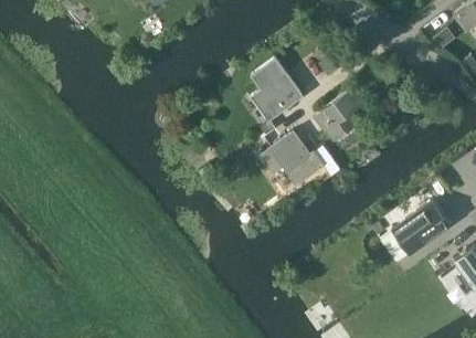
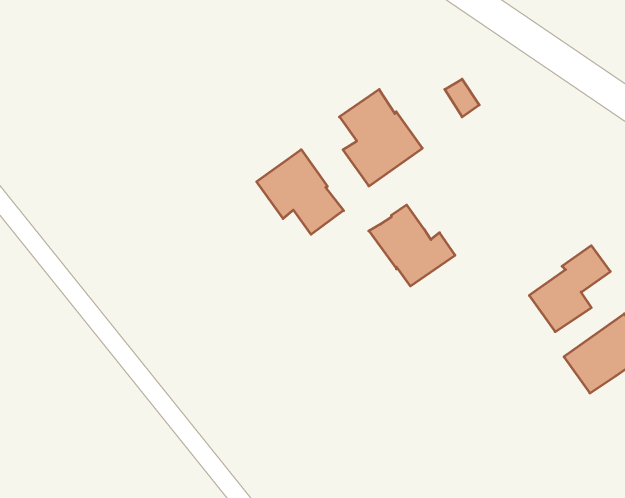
building: [317,83,369,138] -> [529,246,610,332]
building: none -> [257,150,344,234]

